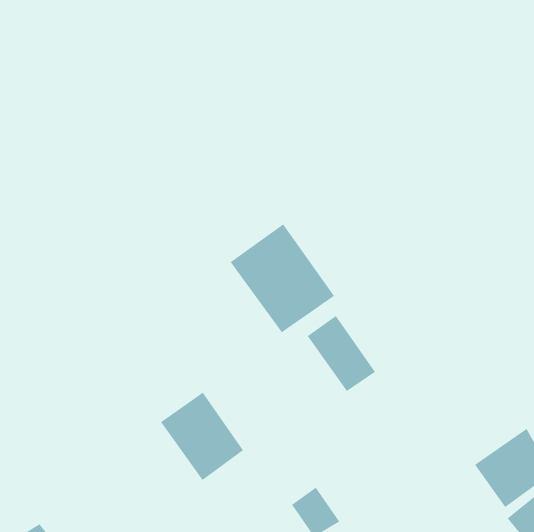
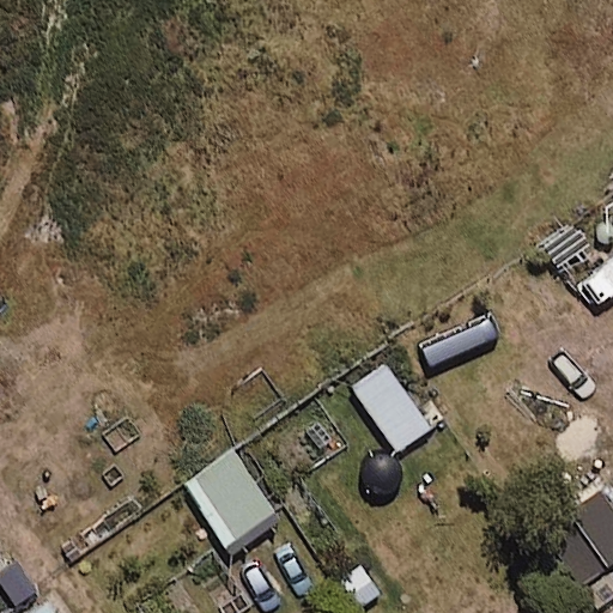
building: [230,224,335,333] -> none

